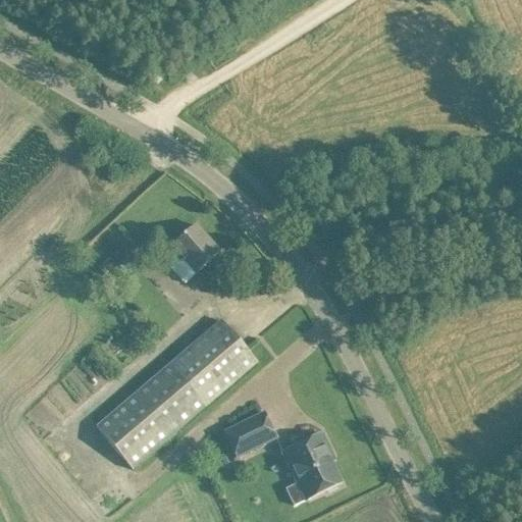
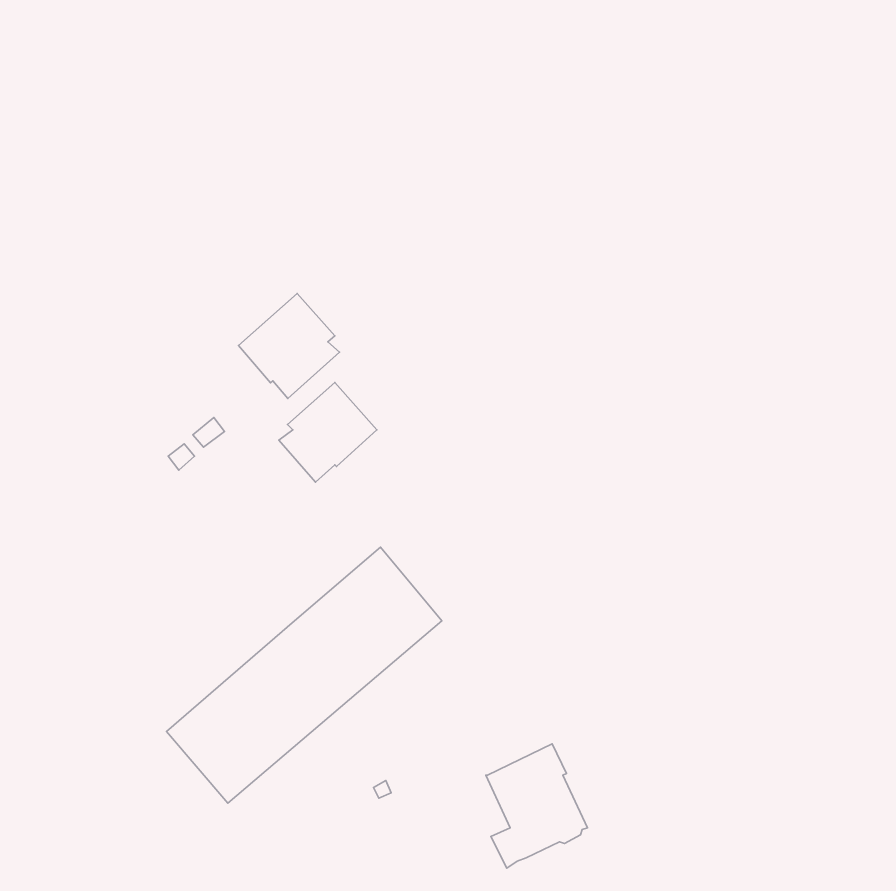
building: none -> [239,293,339,398]
building: [225,411,276,456] -> none

